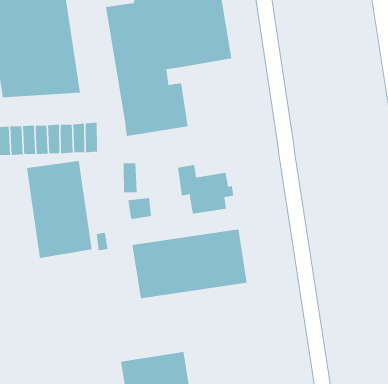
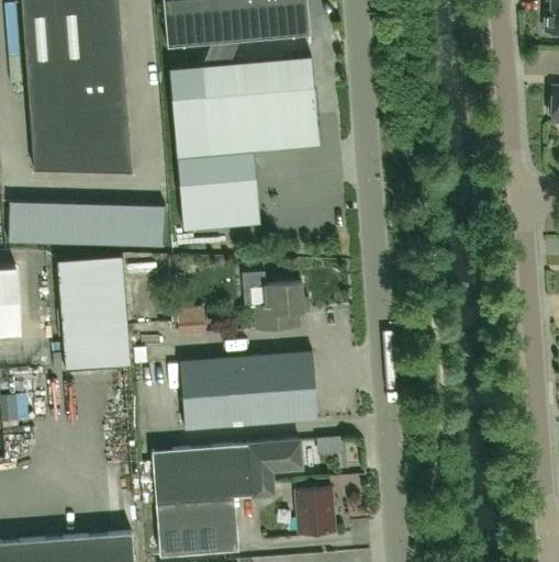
building: [123,163,138,193] -> [146,210,165,247]
building: none -> [152,440,301,504]
building: none -> [295,488,334,535]

